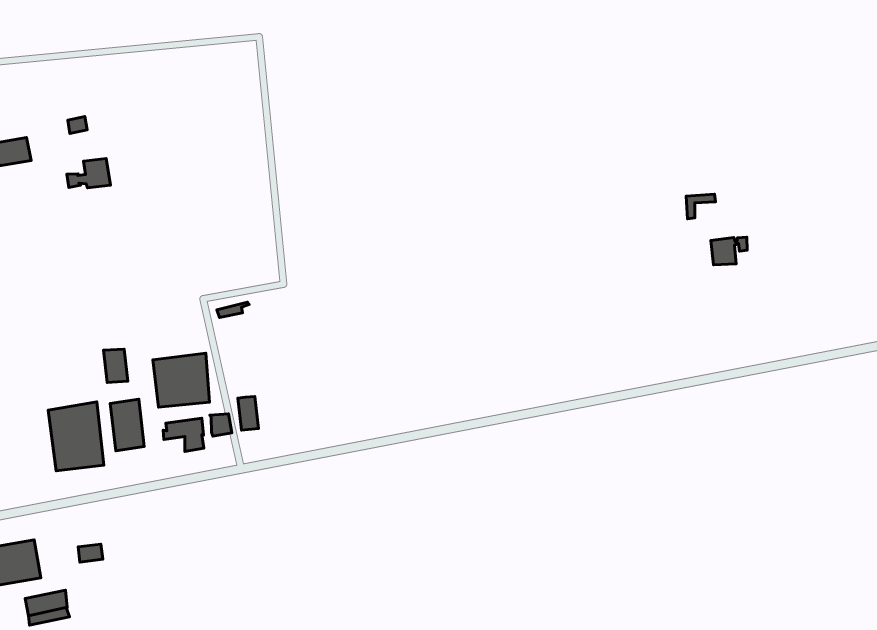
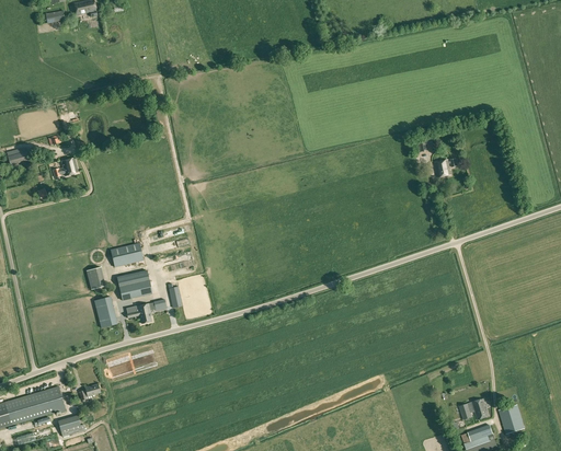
building: none -> [110,242,144,266]
building: [48,402,104,471] -> none

